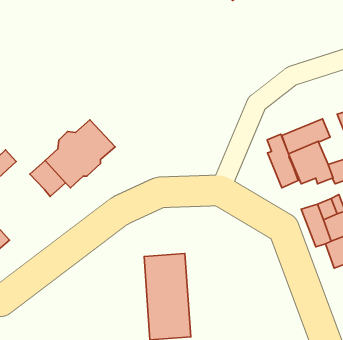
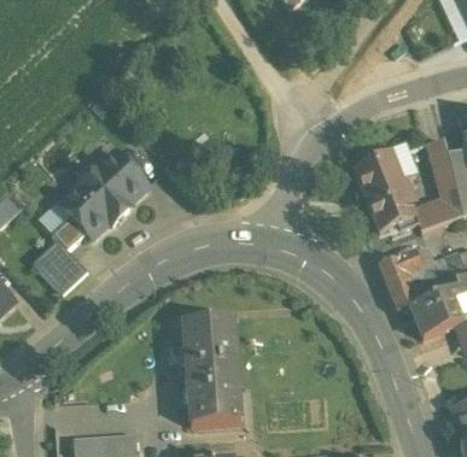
building: [267,134,298,188] -> none
building: none -> [33,239,87,294]

